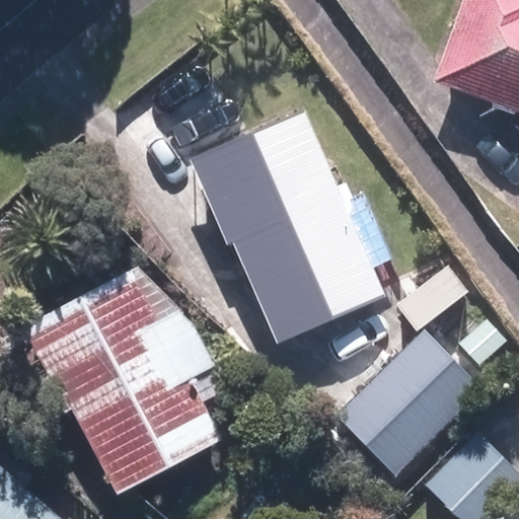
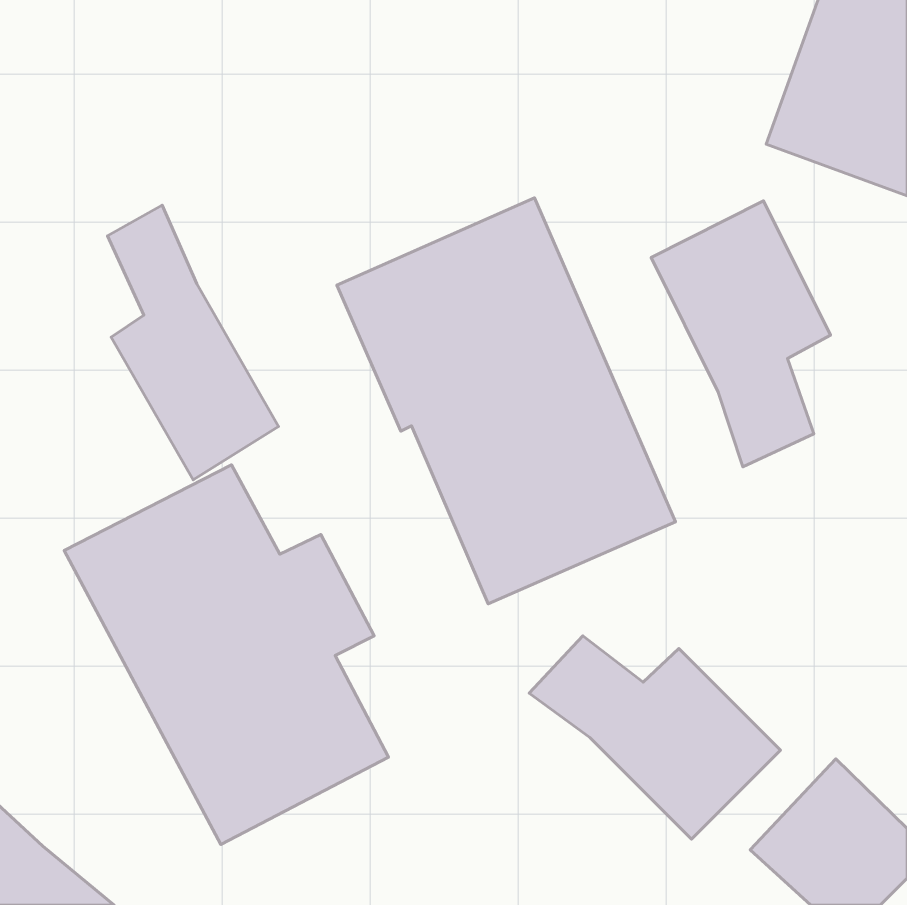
building: none -> [651,201,831,467]
building: none -> [108,205,279,480]

